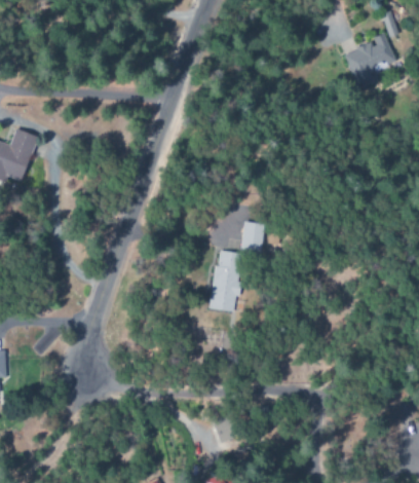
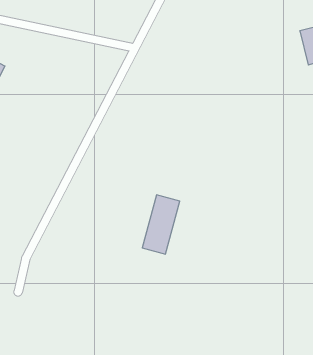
building: [239,220,265,251] -> none

